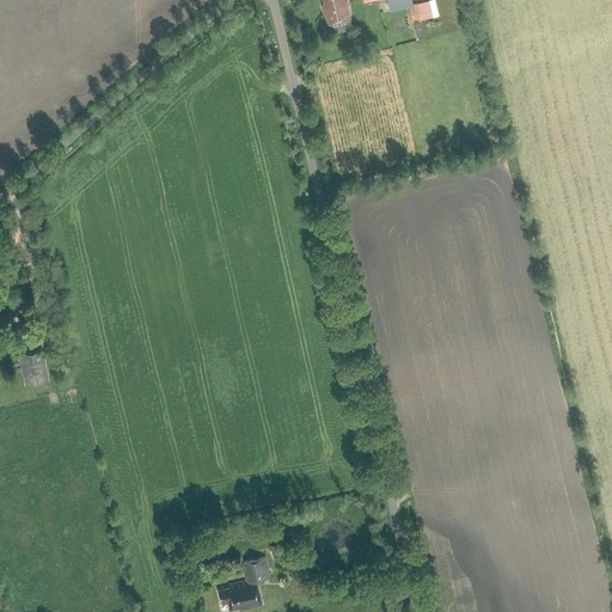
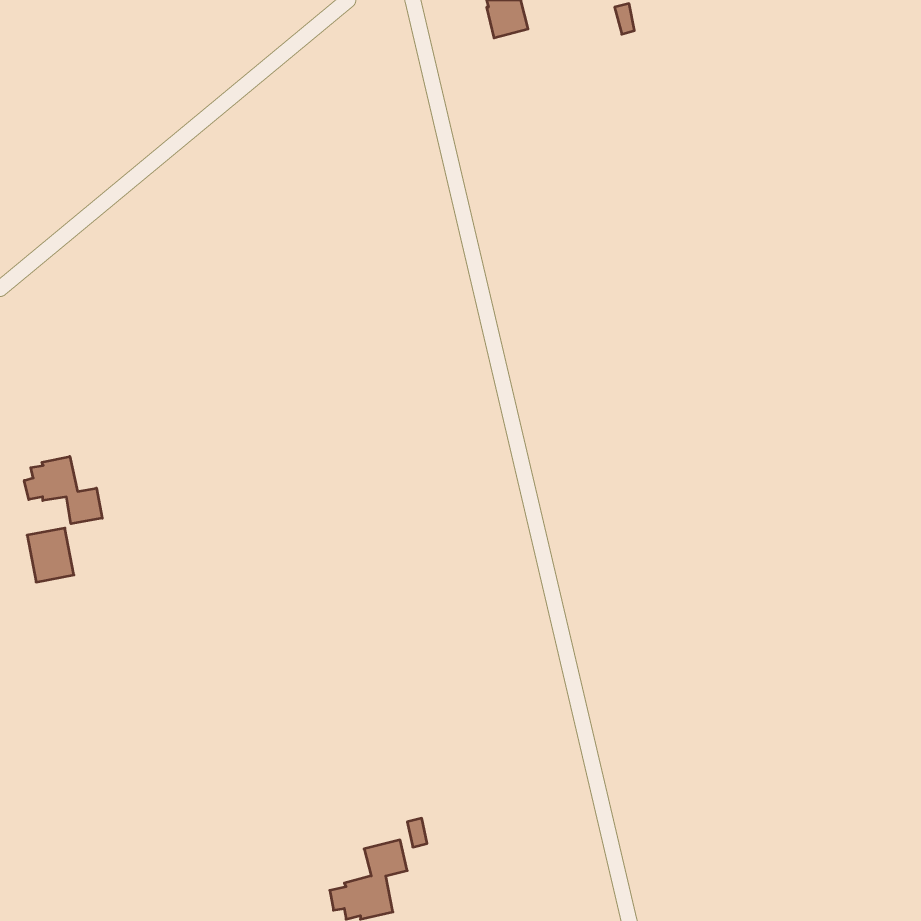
building: none -> [24,456,102,524]

